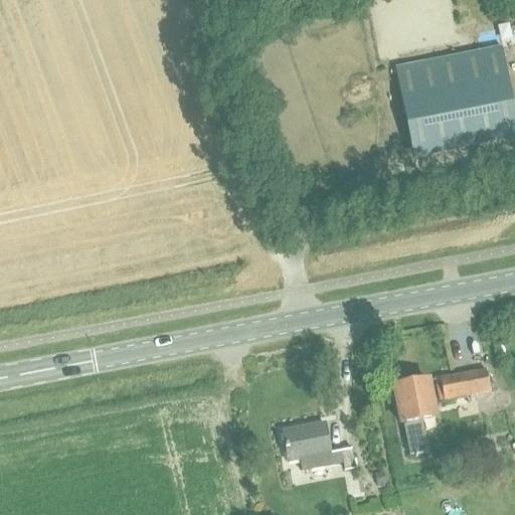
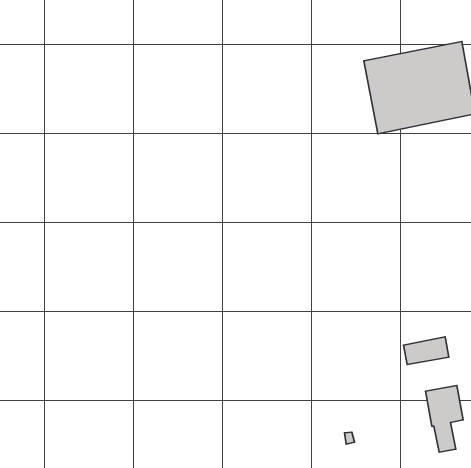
building: [394,377,436,450] -> [425,386,463,452]
building: [282,420,354,468] -> none

